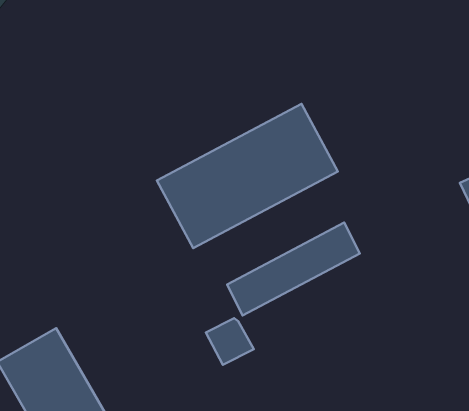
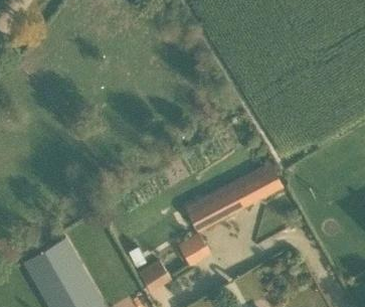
building: [157,104,338,248] -> none
building: none -> [141,259,172,292]

